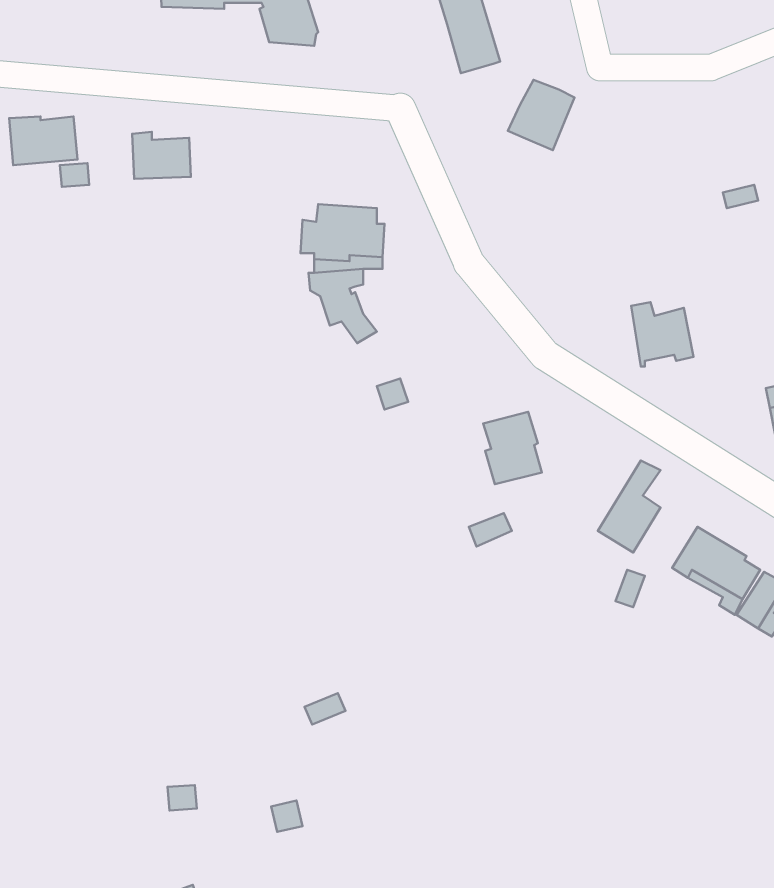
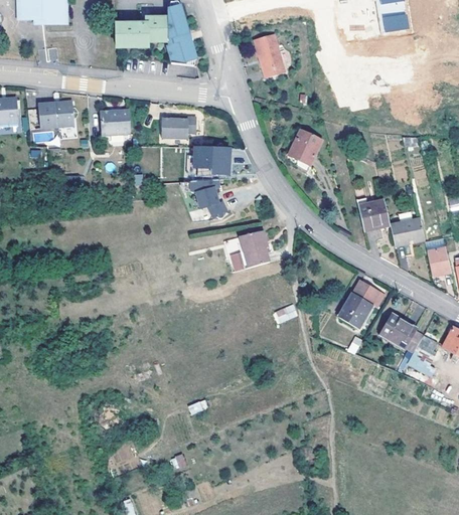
building: [508,80,574,150] -> [293,131,327,167]
building: none -> [162,117,196,139]
building: none -> [389,218,423,244]
building: [483,412,542,484] -> [240,229,270,267]

